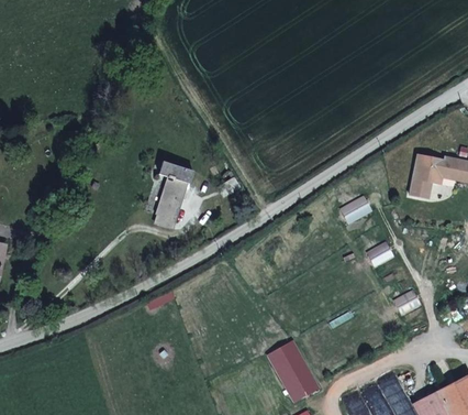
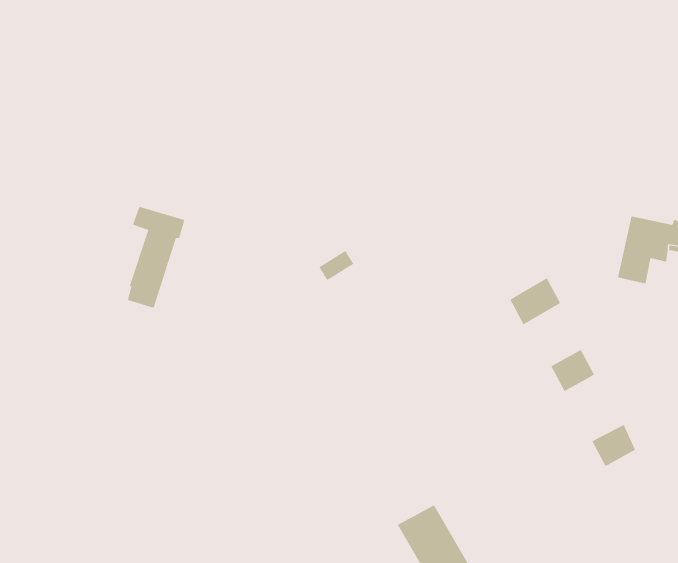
building: [155,162,192,228] -> [127,206,185,309]

